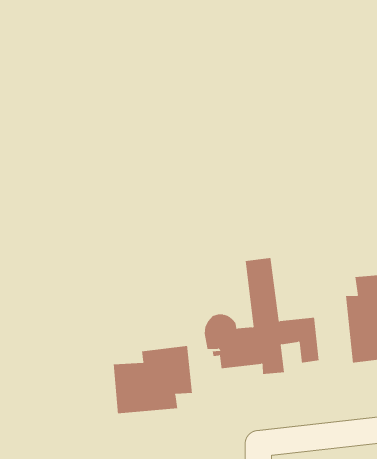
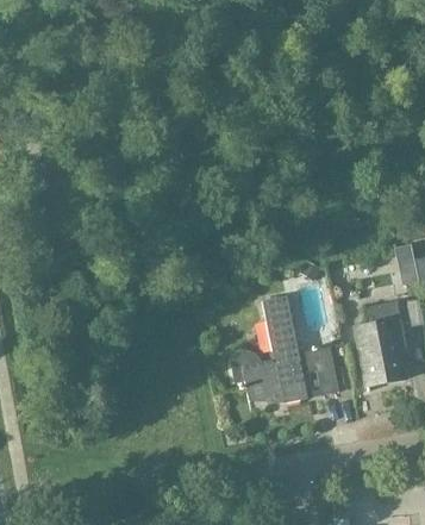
building: [113,345,193,414] -> none

